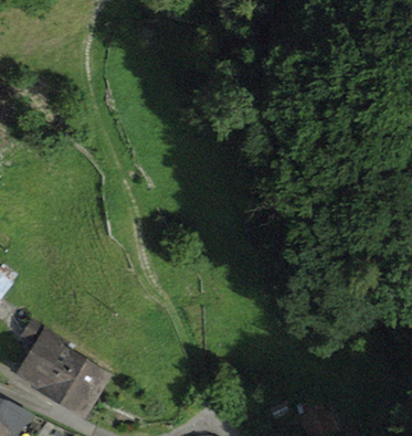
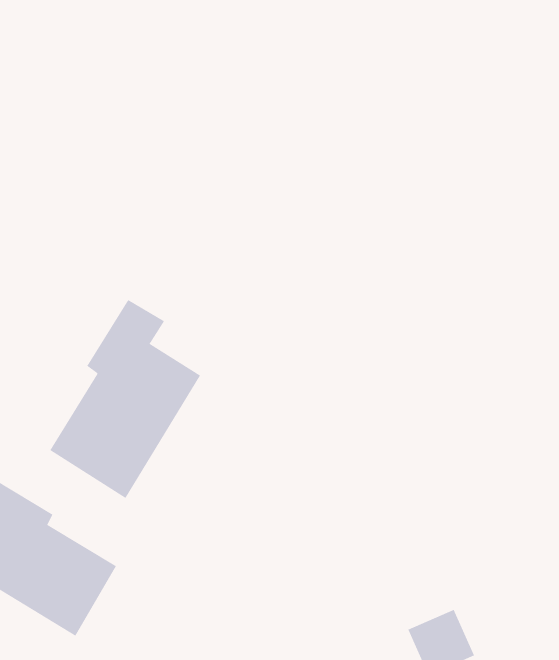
building: none -> [49,299,201,499]

